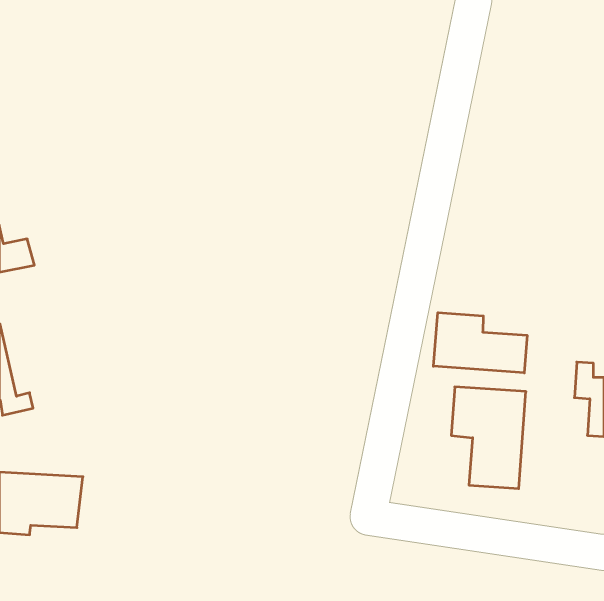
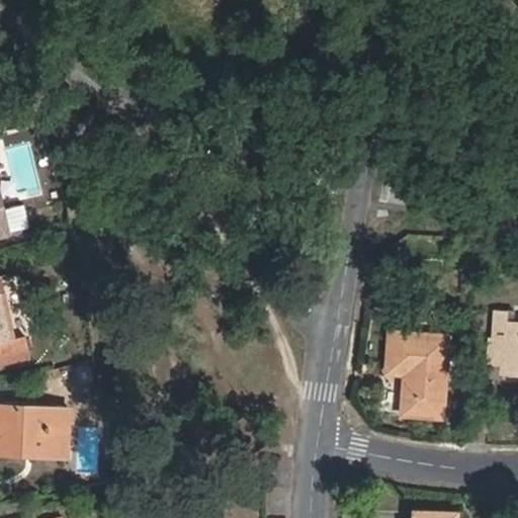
building: [433,313,527,373] -> none

